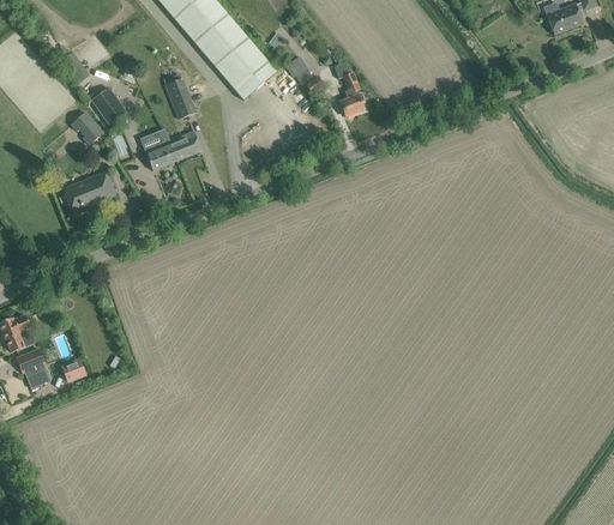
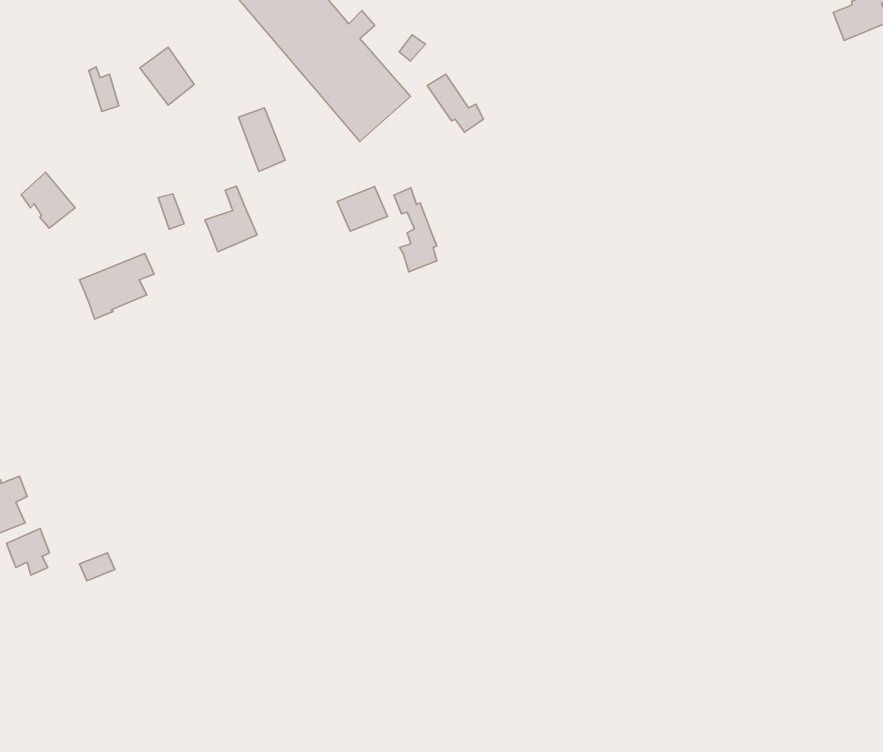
building: [336,62,363,116] -> [394,188,437,272]
building: [91,87,126,125] -> [140,47,194,105]
building: [70,109,104,145] -> [21,172,75,228]
building: [169,131,201,159] -> [337,186,388,231]

